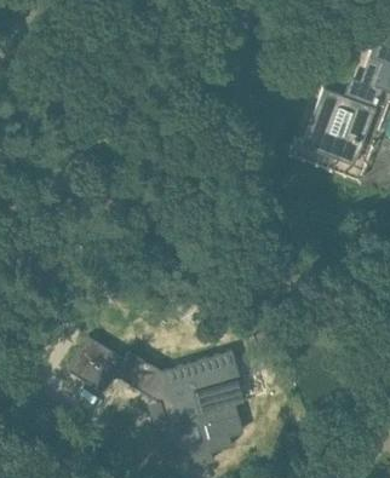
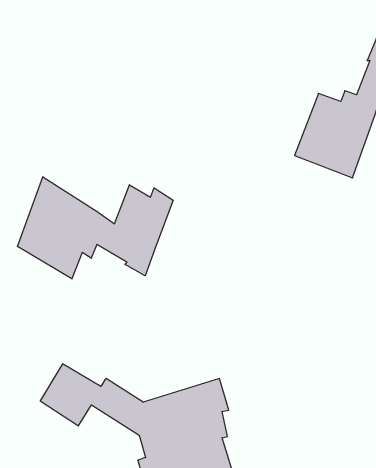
building: none -> [18,177,173,279]

